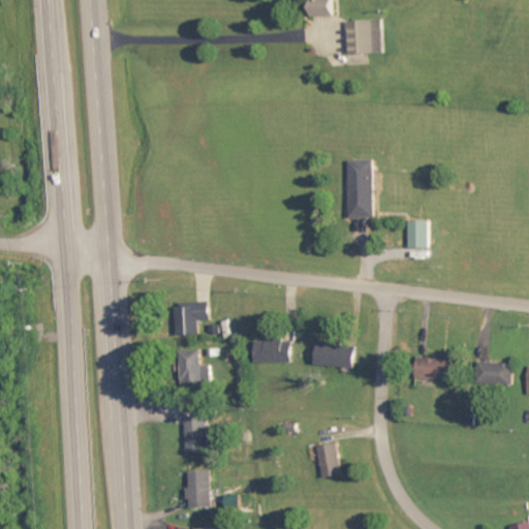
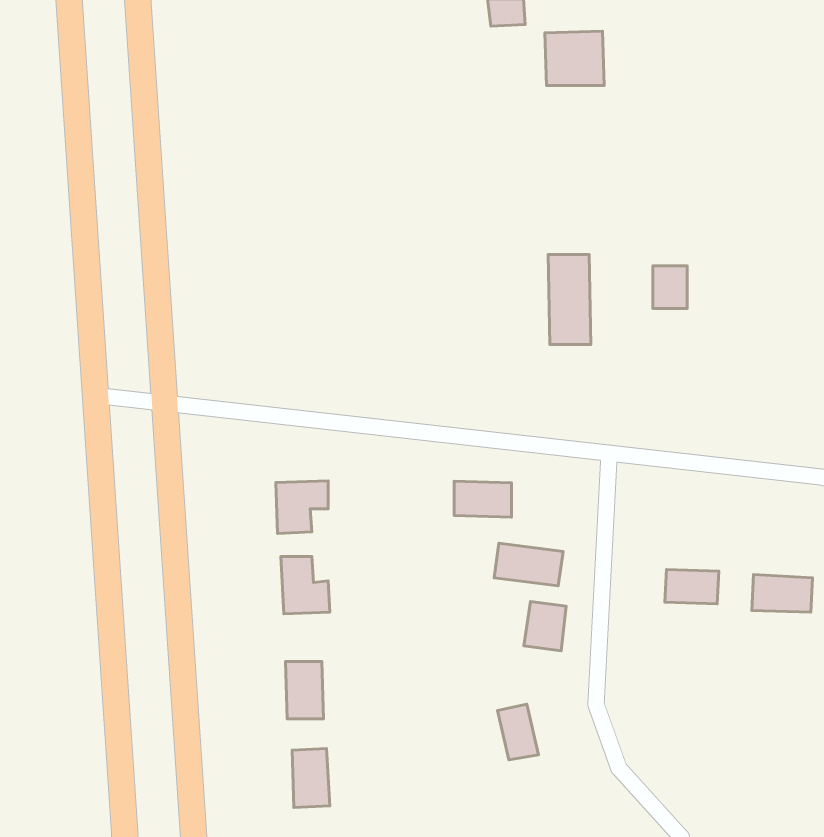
building: [406,221,428,248] -> [653,266,687,309]
building: [252,340,288,363] -> [454,481,512,517]
building: none -> [524,602,566,651]

